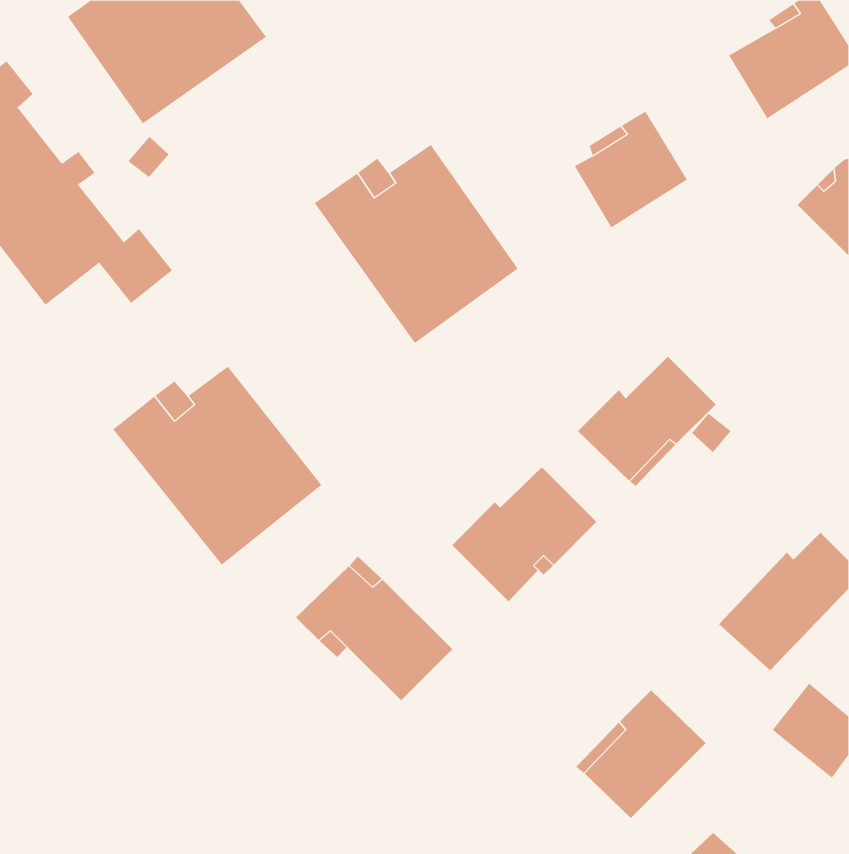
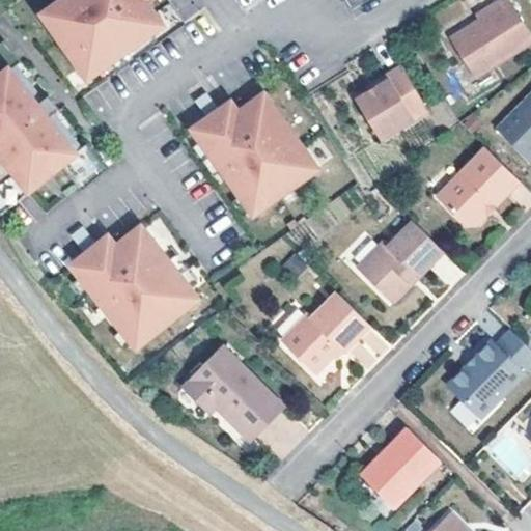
building: none -> [437,148,519,226]

